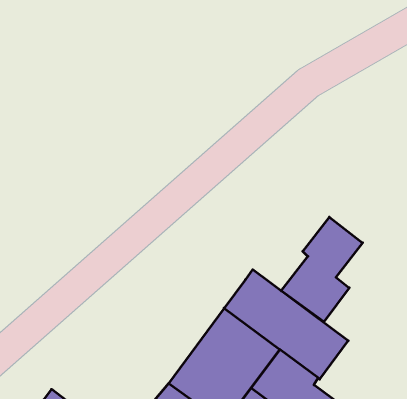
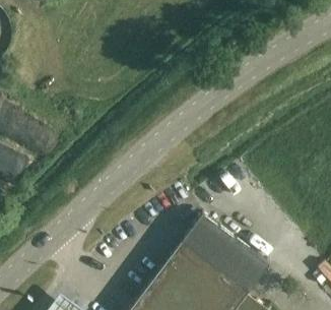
building: [281,217,363,322] -> none

